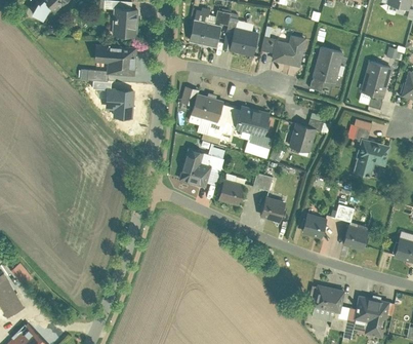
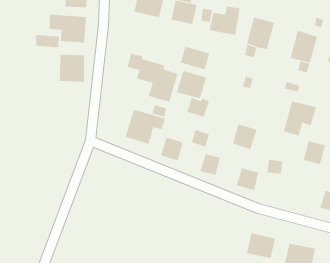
building: none -> [180,46,210,70]
building: [289,123,317,152] -> [232,124,257,150]
building: [342,223,368,250] -> [303,141,326,165]

